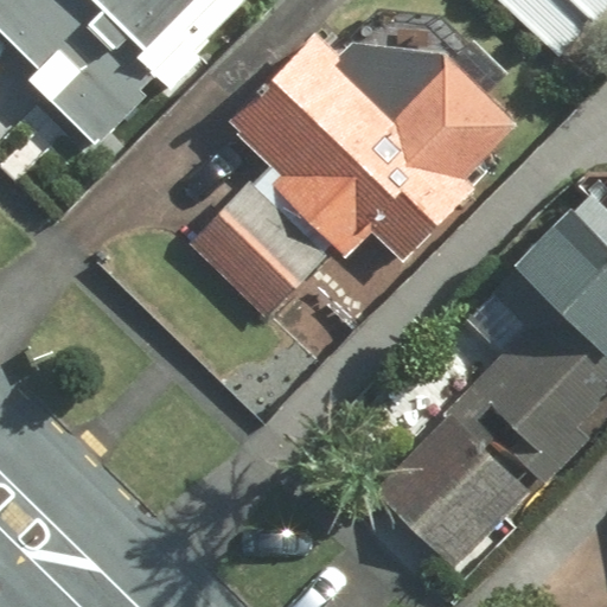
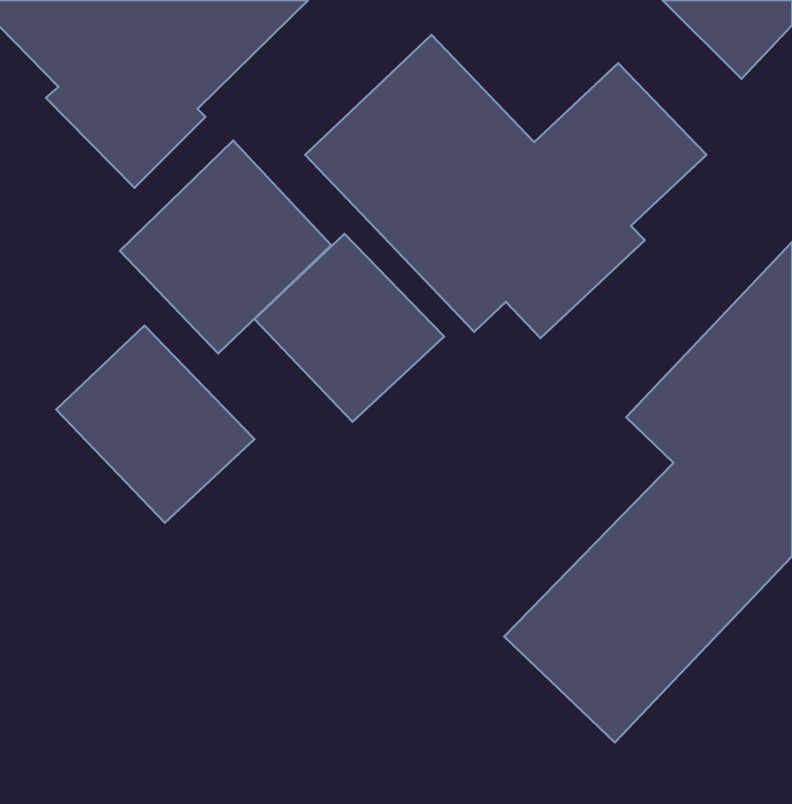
building: none -> [120,141,331,354]
building: none -> [56,326,255,523]

